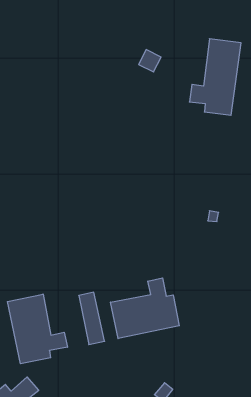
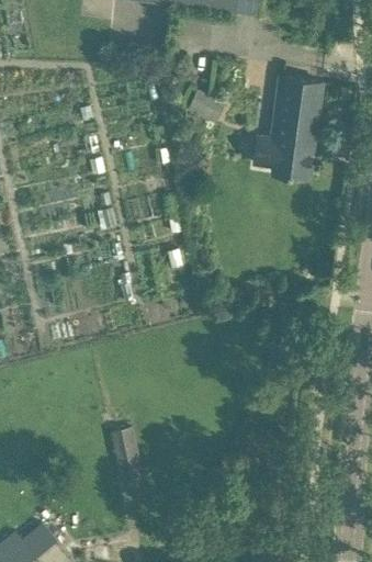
building: [111,278,179,339] -> none
building: [7,294,67,364] -> none

